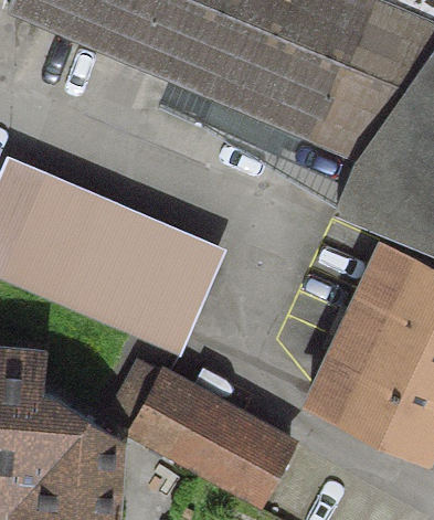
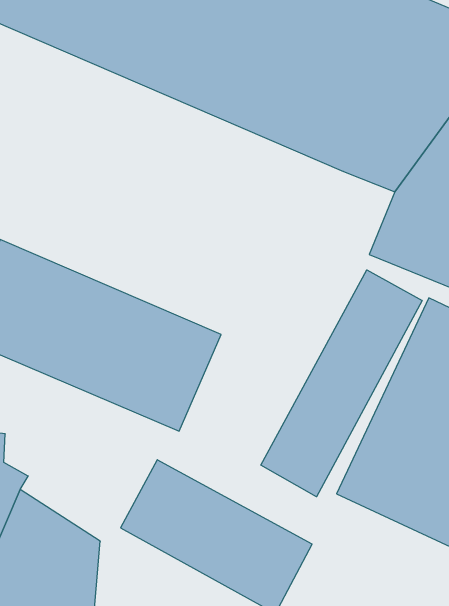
building: none -> [261,270,422,497]

